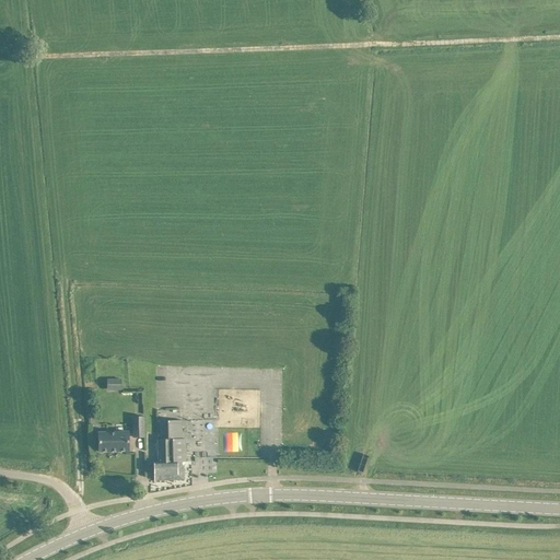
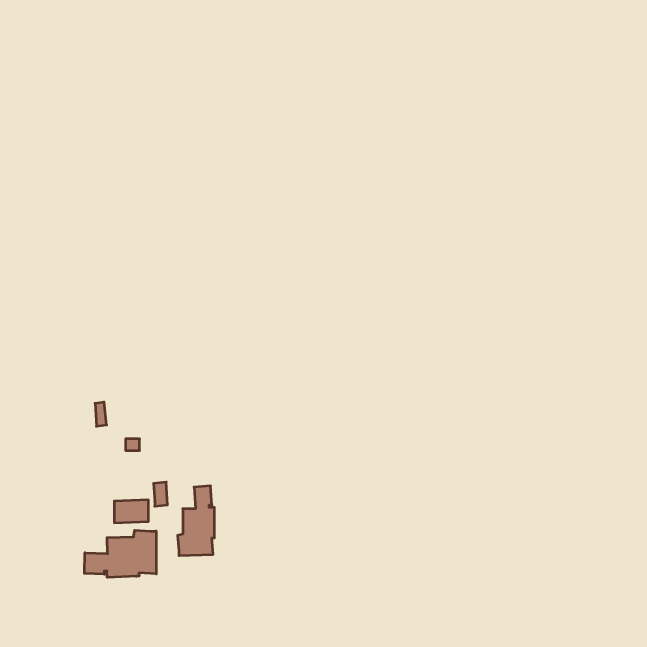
building: none -> [84,530,156,577]

